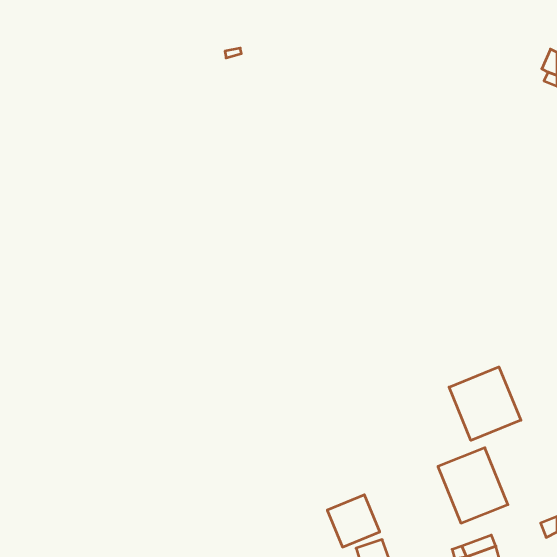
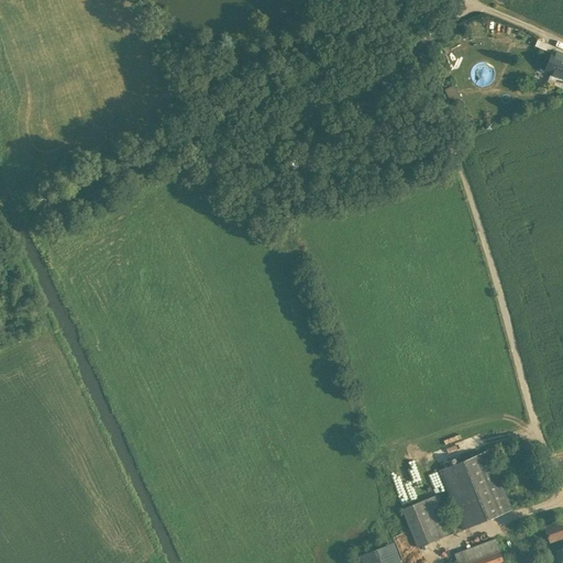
building: [449,367,521,440] -> none
building: [327,495,380,547] -> [401,495,454,548]

